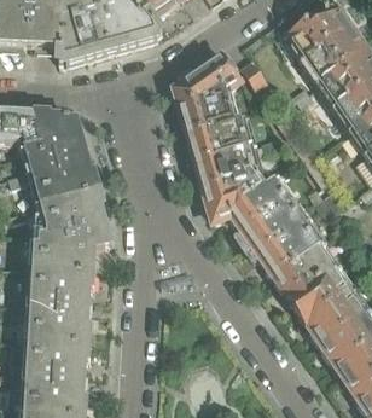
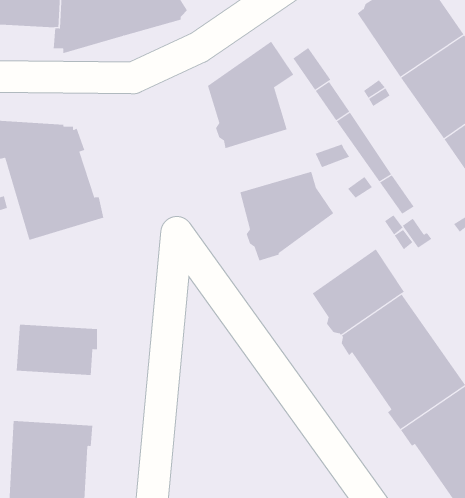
building: [186,120,252,169] -> none
building: [228,179,301,245] -> none
building: [33,188,111,272] -> none
building: [28,303,89,344] -> none

